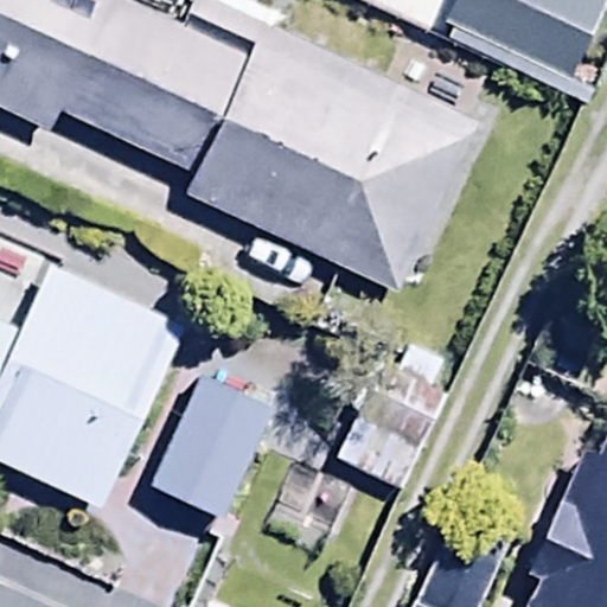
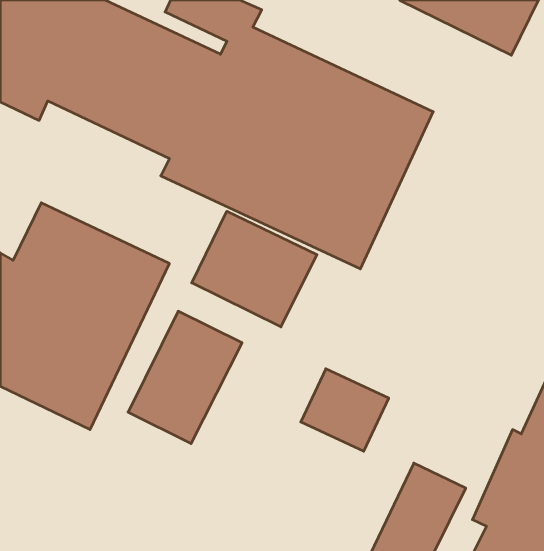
building: none -> [192,211,317,327]

